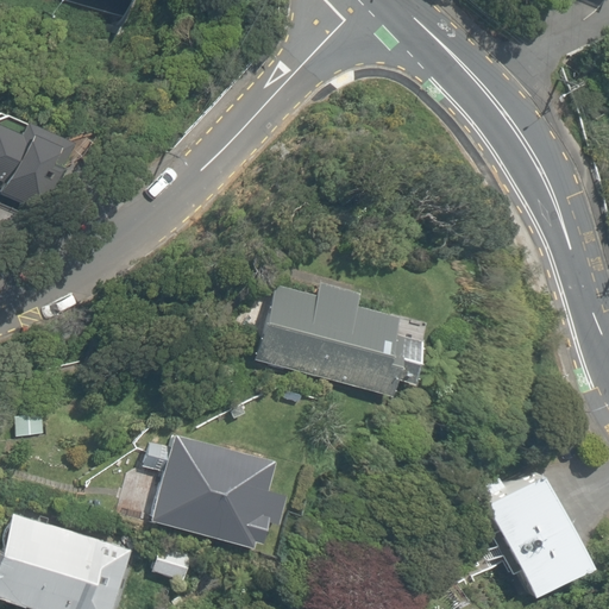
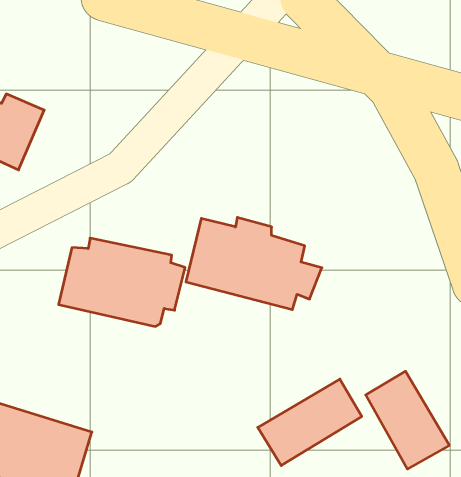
building: [136,434,294,545] -> [59,238,185,326]
building: none -> [258,379,362,466]

